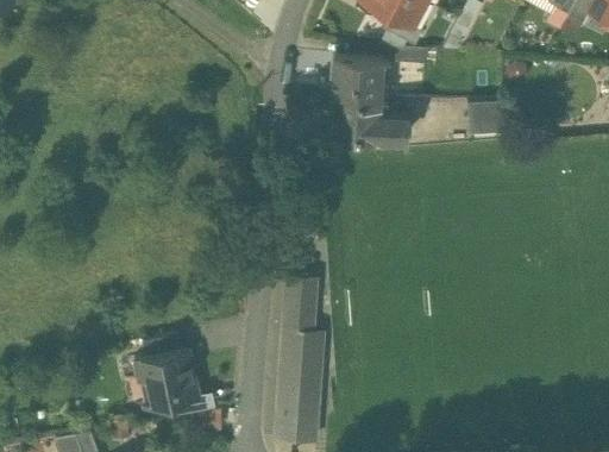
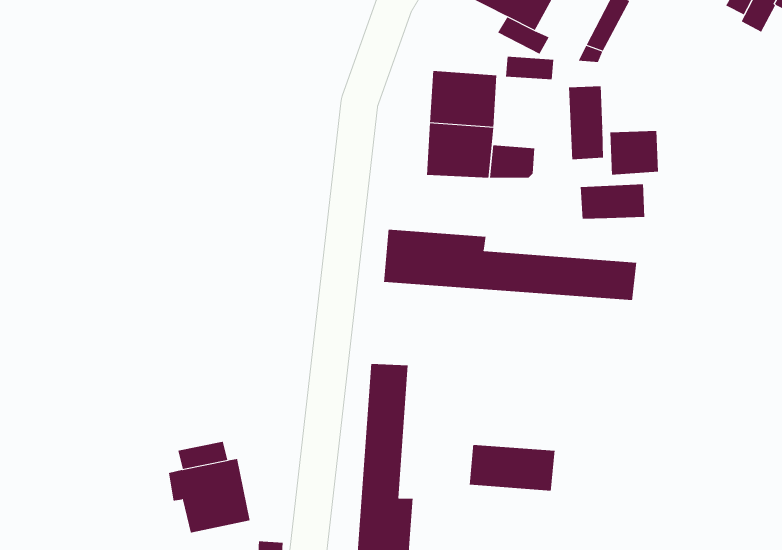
building: none -> [568,86,603,160]
building: none -> [580,183,645,219]
building: none -> [383,229,637,301]
building: none -> [469,444,555,491]

